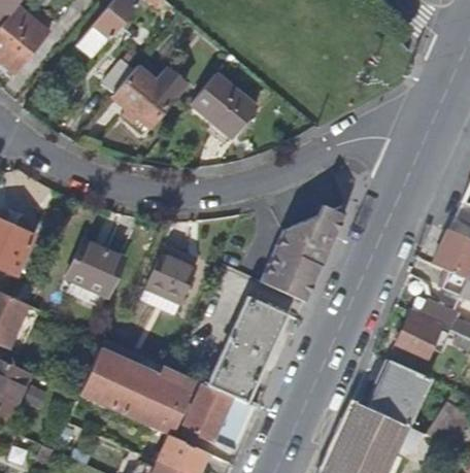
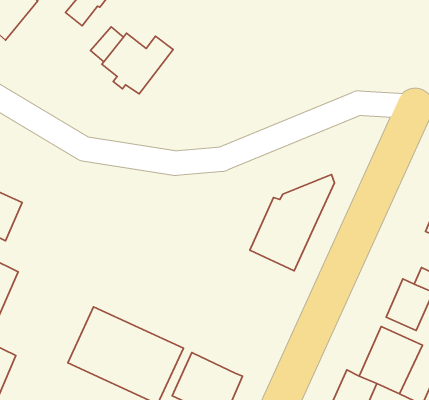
building: [191,73,256,137] -> none
building: [67,239,126,295] -> none
building: [144,252,196,305] -> none
building: [204,296,287,405] -> none

